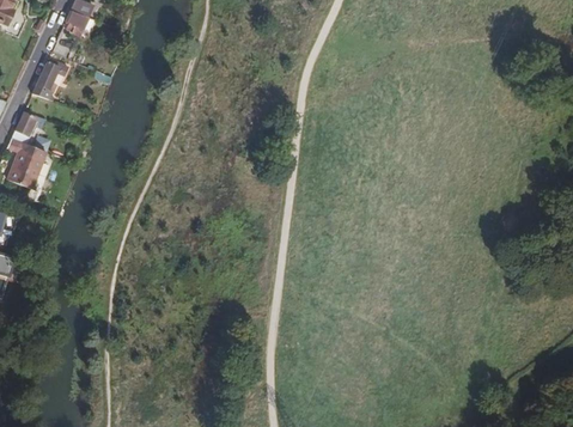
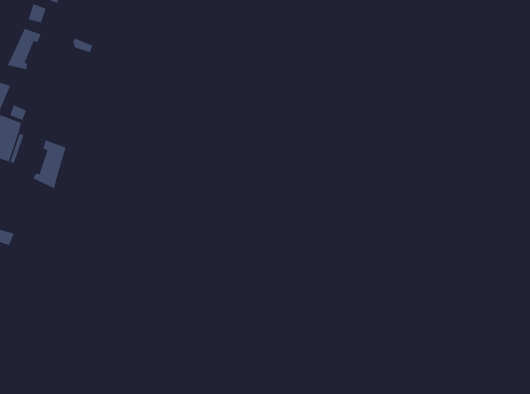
building: none -> [32,139,66,189]

